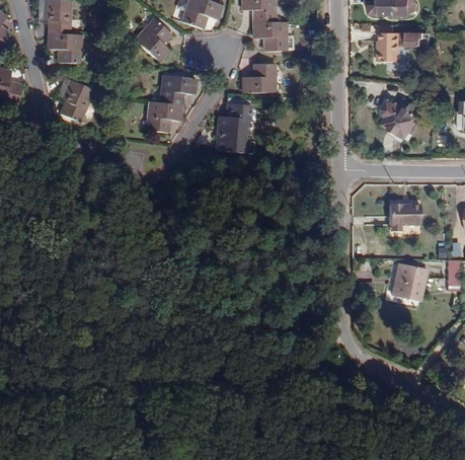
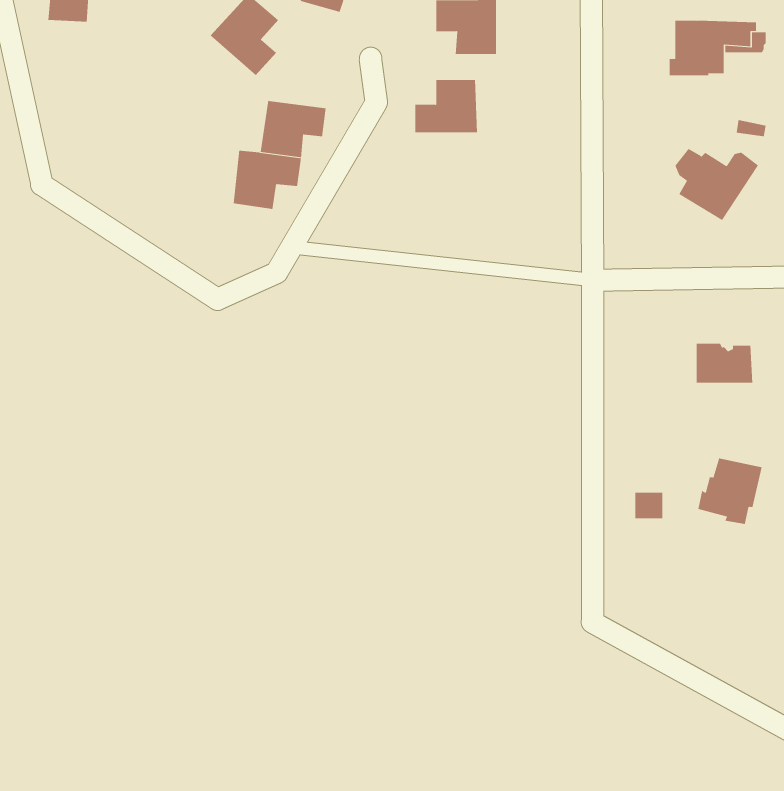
building: [48,31,81,62] -> none
building: [56,76,93,121] -> none
building: [216,103,253,153] -> none

